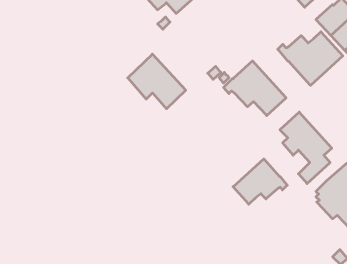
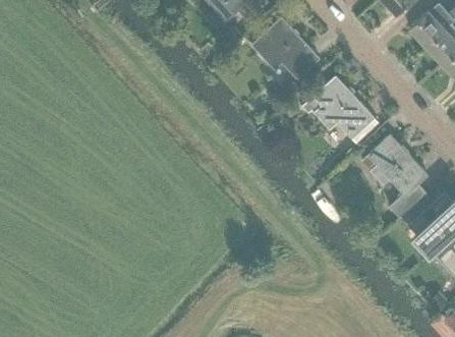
building: [278,32,343,85] -> none
building: [128,54,186,109] -> [252,17,320,80]
building: [233,159,287,204] -> none

